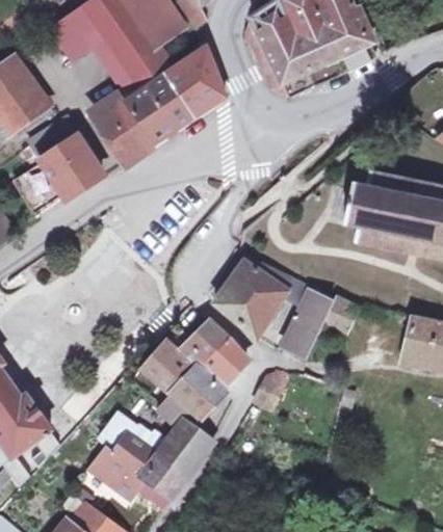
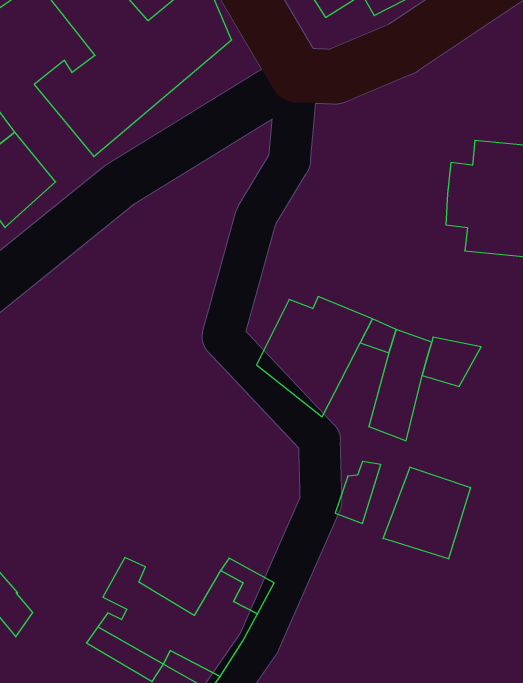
building: [140,321,243,420] -> none
building: none -> [383,467,470,559]

